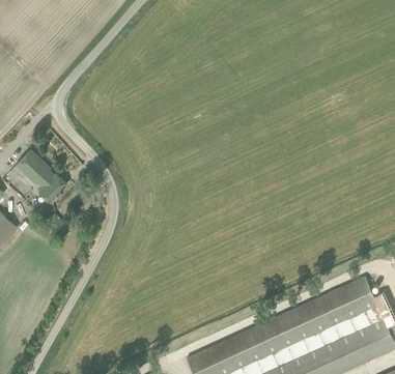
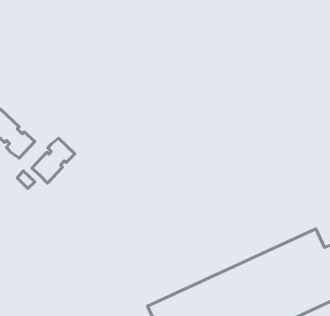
building: none -> [32,138,75,183]

